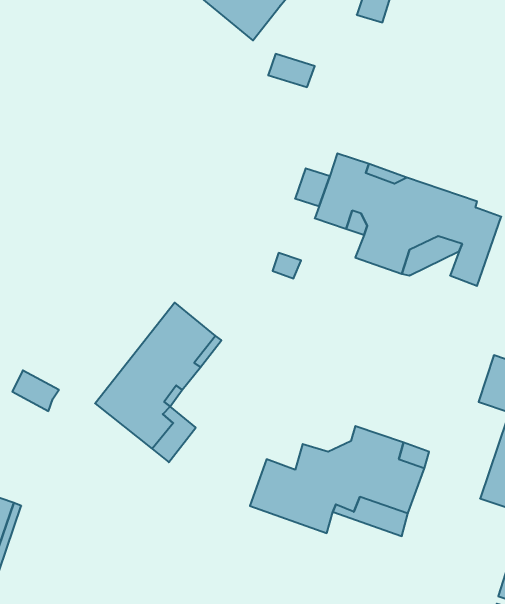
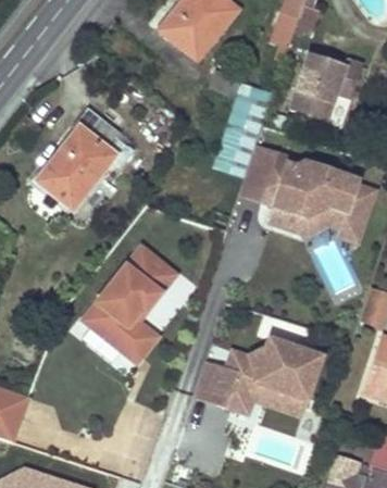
building: none -> [292,45,365,118]
building: none -> [38,110,135,209]

